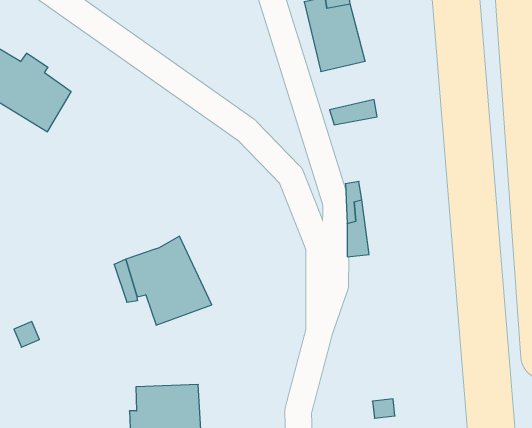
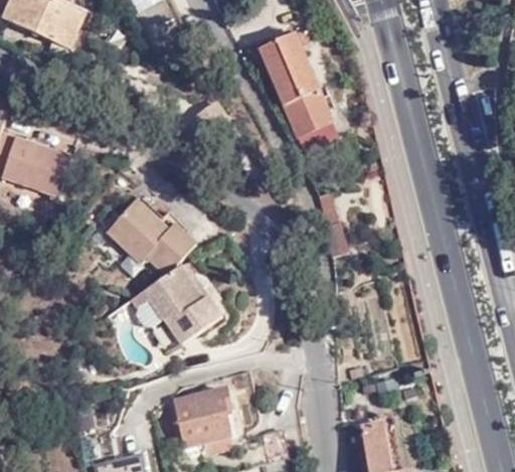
building: none -> [282,90,331,136]
building: none -> [111,199,201,278]

